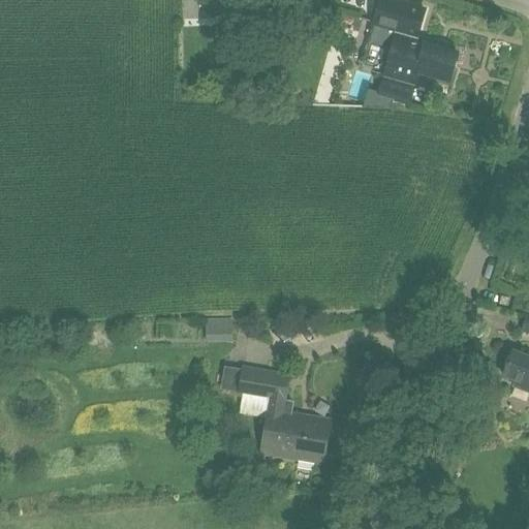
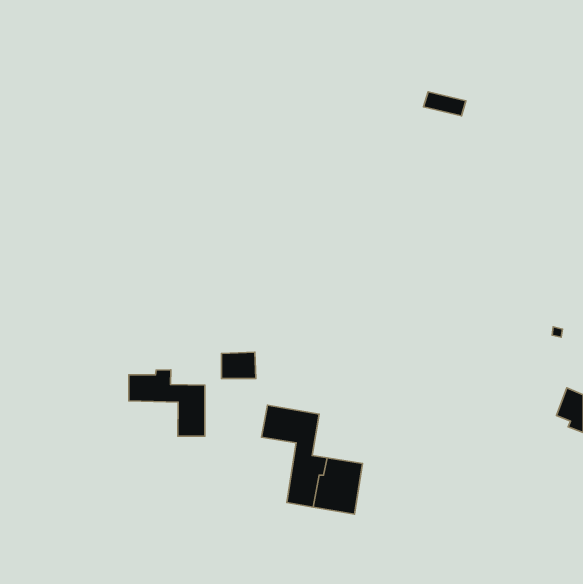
building: [377,5,456,86] -> none
building: none -> [129,370,205,436]

